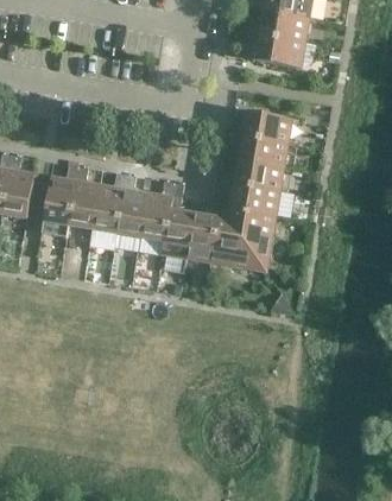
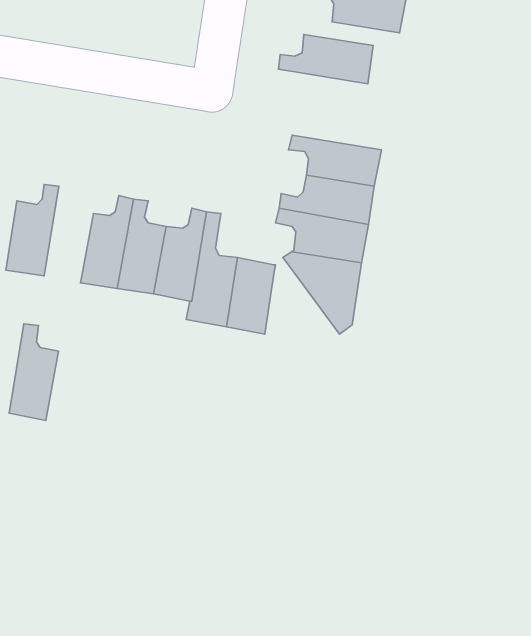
building: [230,110,292,142] -> [278,34,373,84]
building: [69,166,101,229] -> [9,324,58,420]
building: [213,213,261,268] -> none

